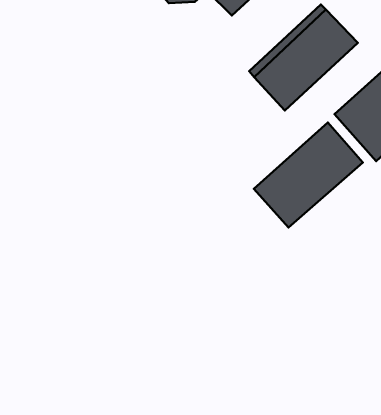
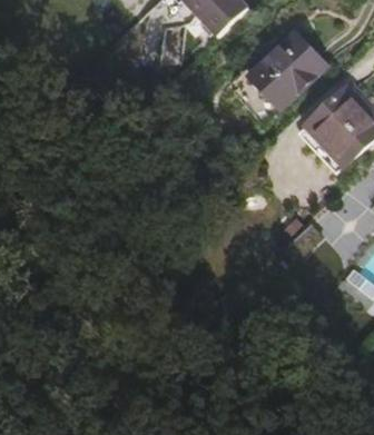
building: [254,123,363,228] -> none

